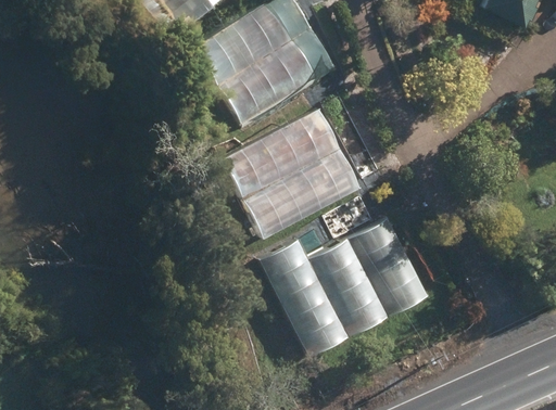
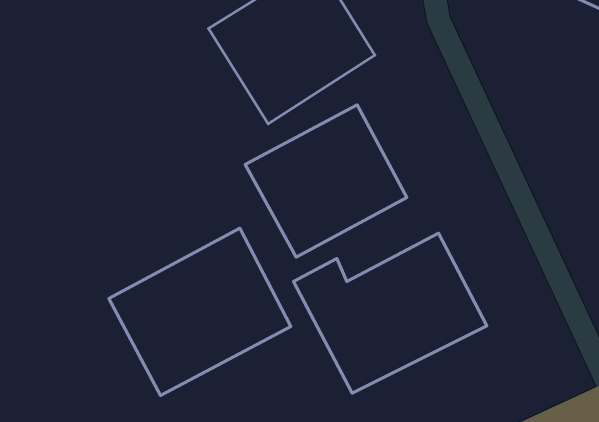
building: none -> [109,228,291,395]

